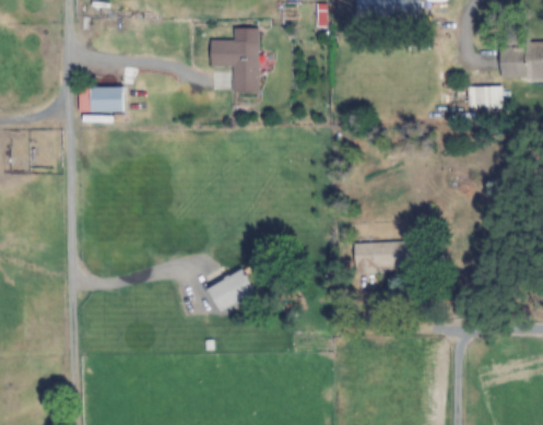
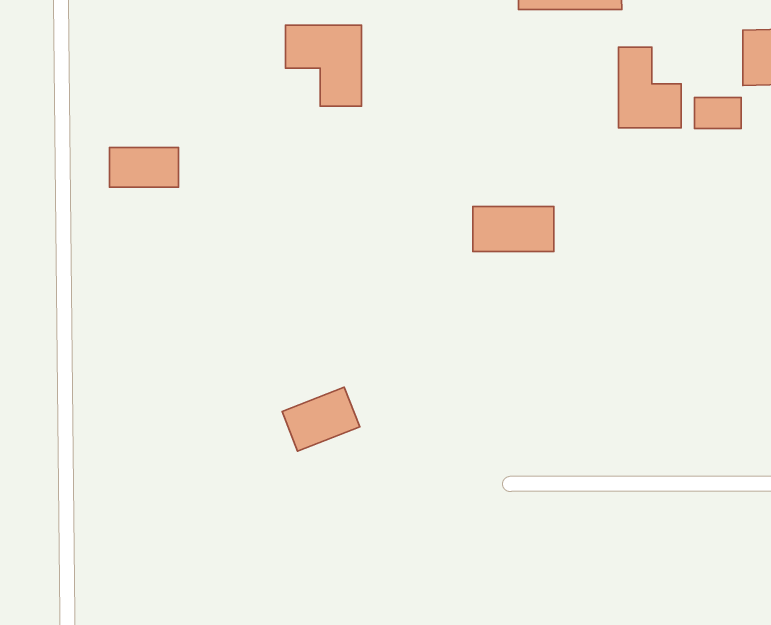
building: none -> [618,47,681,128]
building: [80,86,123,111] -> [110,148,179,187]
building: [355,244,406,272] -> [473,207,554,251]

